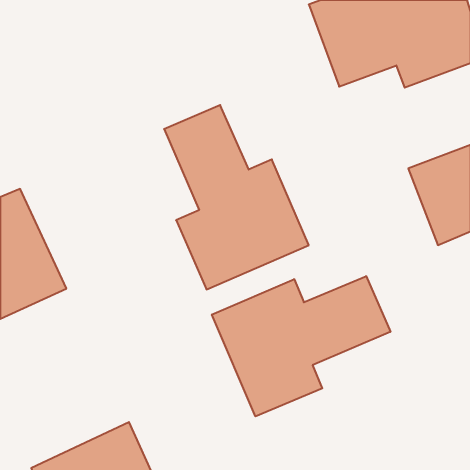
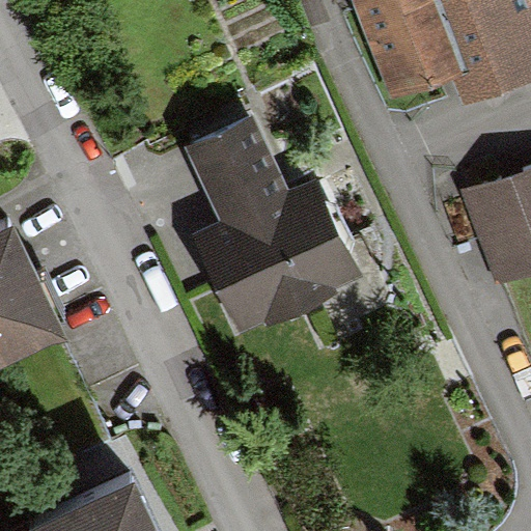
building: [212,276,390,416] -> none

